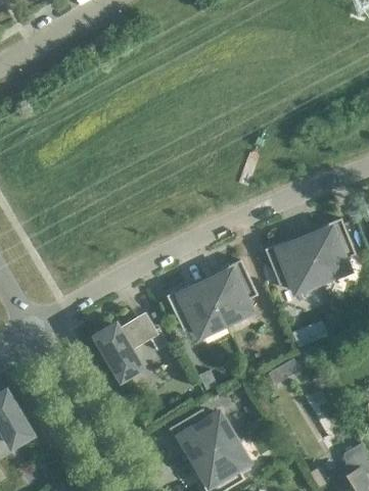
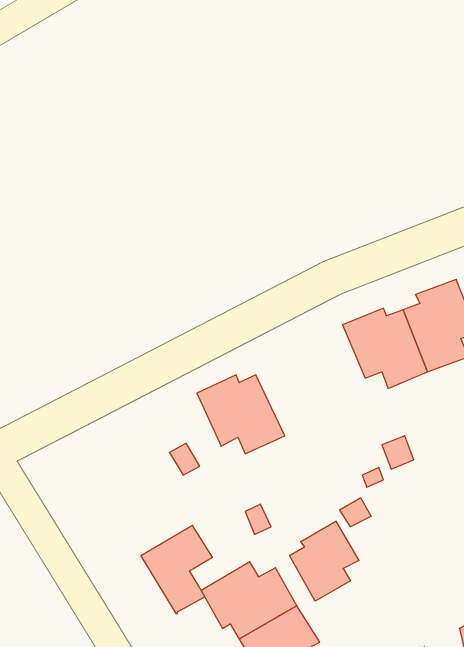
building: [206,259,258,324] -> none
building: [99,320,147,379] -> [141,525,212,613]
building: none -> [290,521,359,601]

